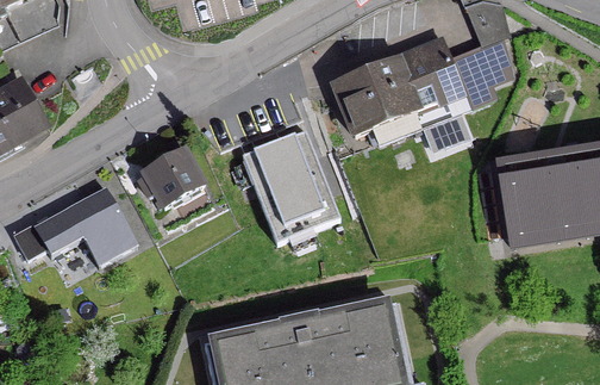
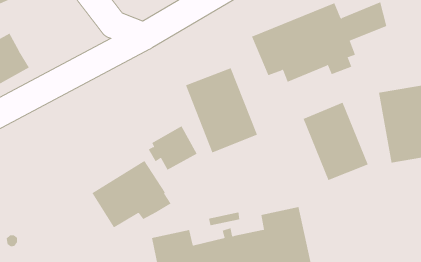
building: [138,147,202,205] -> [148,125,197,171]
building: none -> [303,102,368,181]
building: [31,180,135,268] -> [91,160,171,228]

